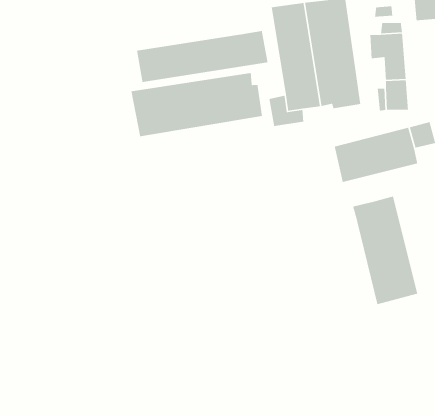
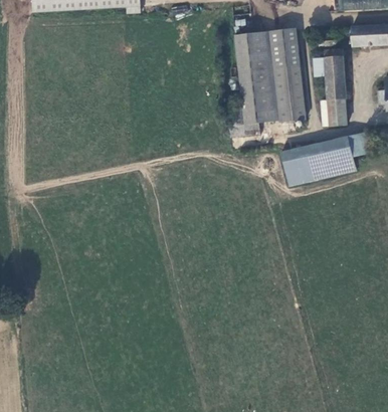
building: [136,30,268,83] -> none
building: [130,72,263,137] -> none
building: [352,195,418,305] -> none

